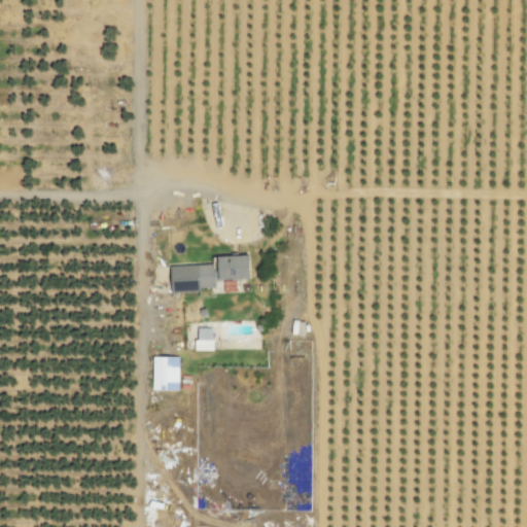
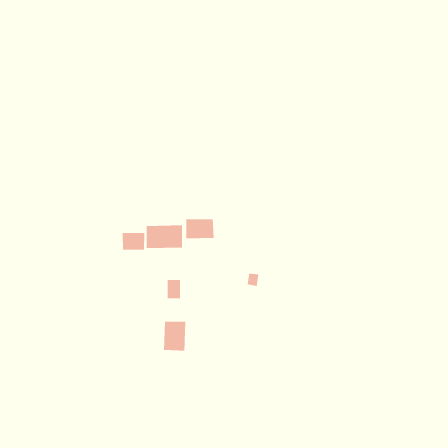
building: none -> [122,232,145,251]
building: [152,356,179,391] -> [163,321,186,351]

